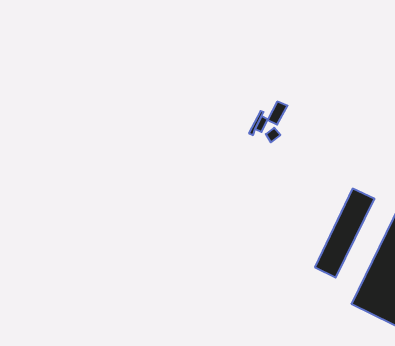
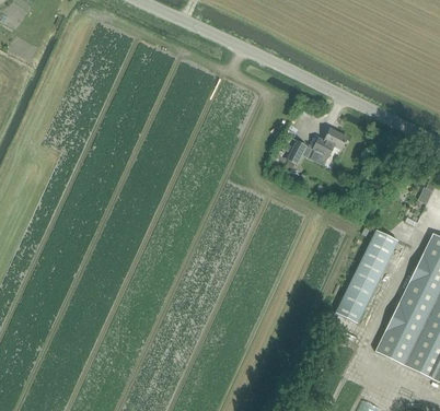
building: none -> [312,128,346,156]

